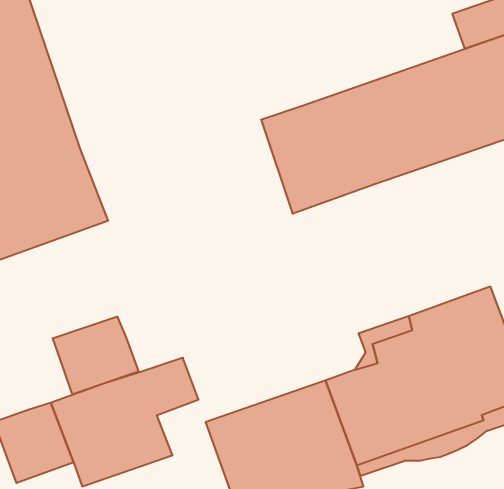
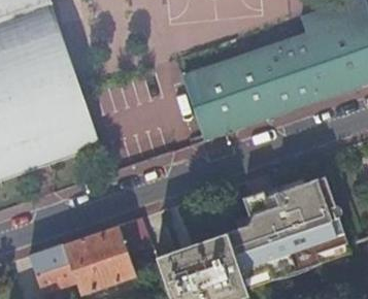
building: [53,317,139,394] -> none

